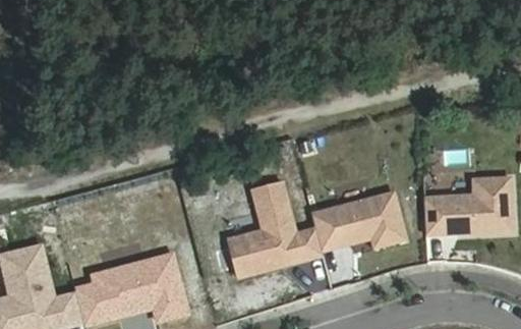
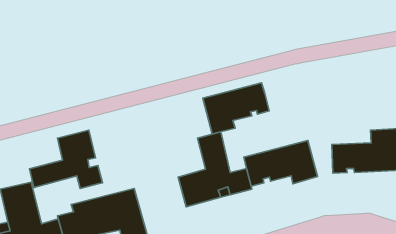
building: none -> [203,83,269,134]
building: none -> [29,130,102,188]

